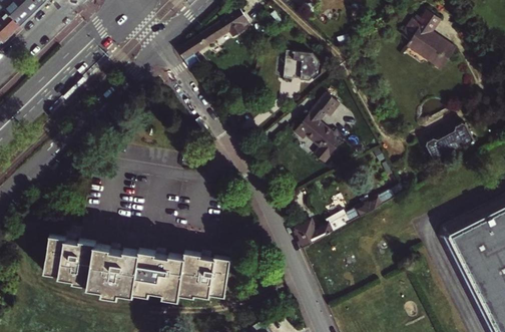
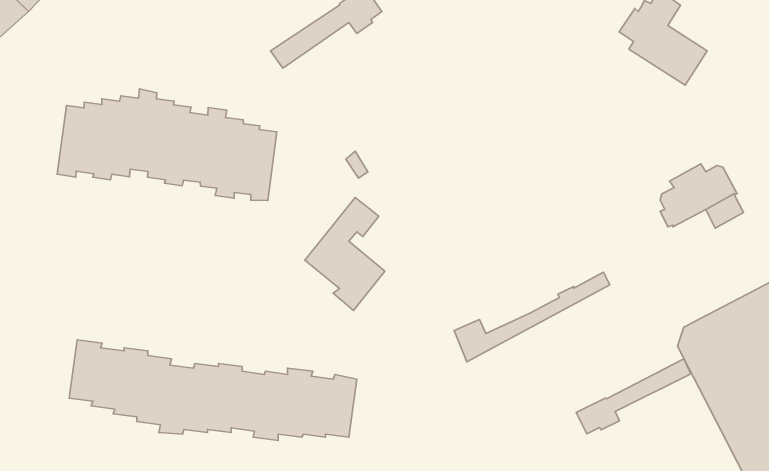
building: [278,51,318,80] -> none
building: none -> [57,89,277,201]
building: [294,93,345,165] -> [305,197,385,310]
building: none -> [576,359,691,434]

